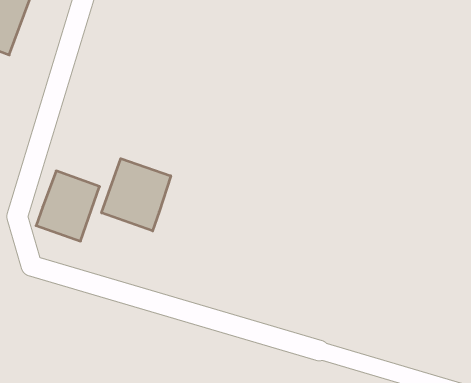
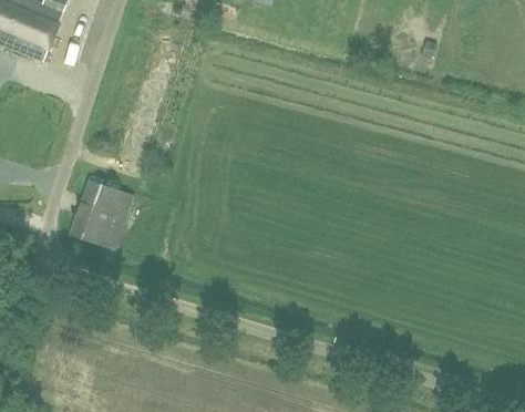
building: [102,159,171,231] -> none

